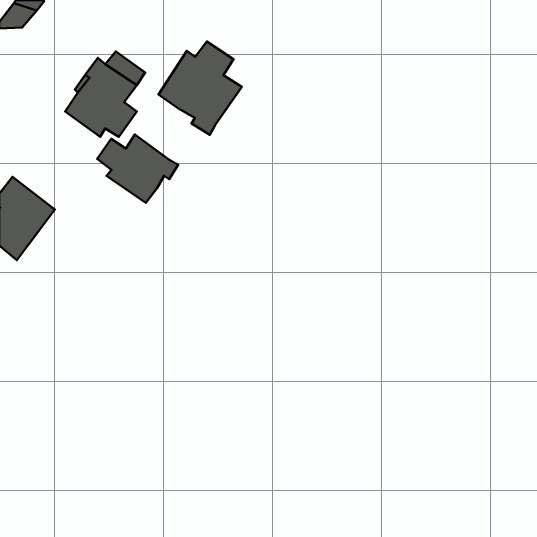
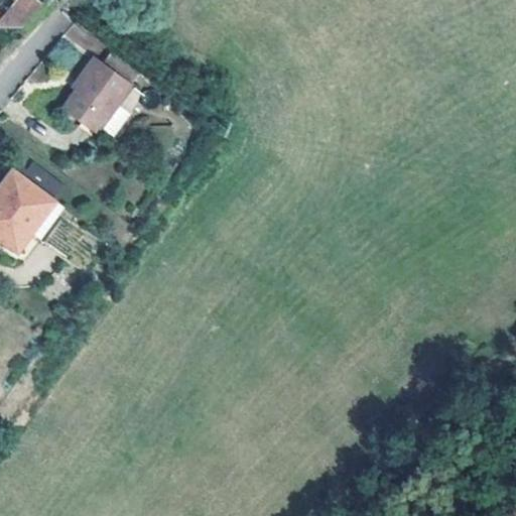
building: [159,41,242,135] -> none
building: [97,134,178,203] -> none

